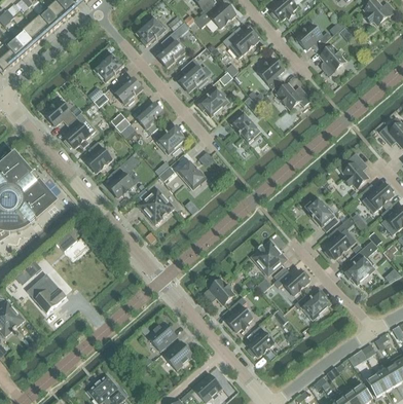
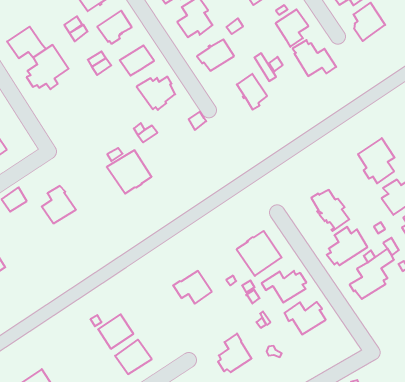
building: [84,141,112,173] -> none
building: [178,161,206,189] -> none
building: [106,167,134,197] -> [42,186,76,223]
building: [225,296,252,332] -> none

